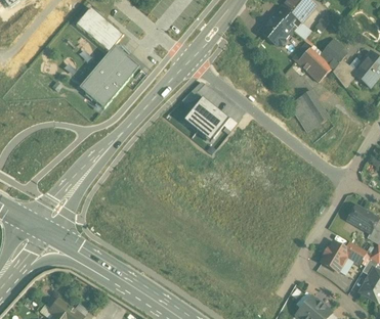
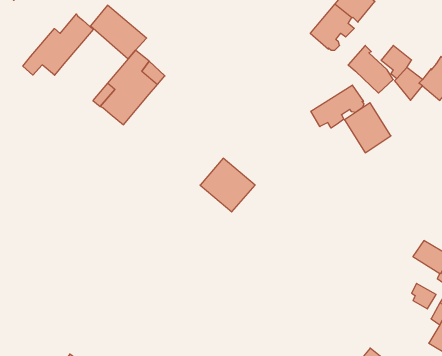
building: none -> [23,14,93,75]
building: none -> [311,85,364,128]
building: [181,96,227,141] -> [200,158,255,212]
building: [322,241,349,271] -> none

